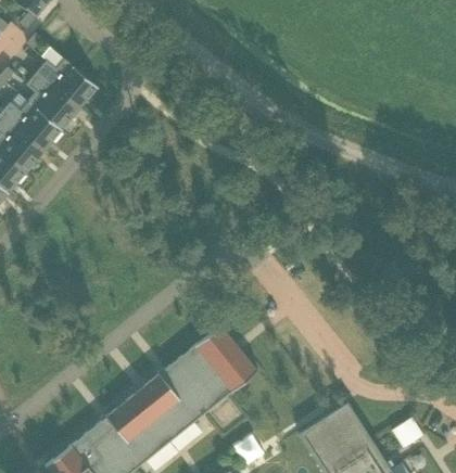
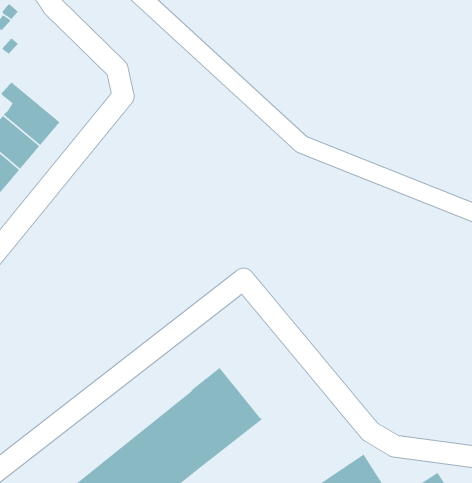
building: [35,59,98,108] -> none

